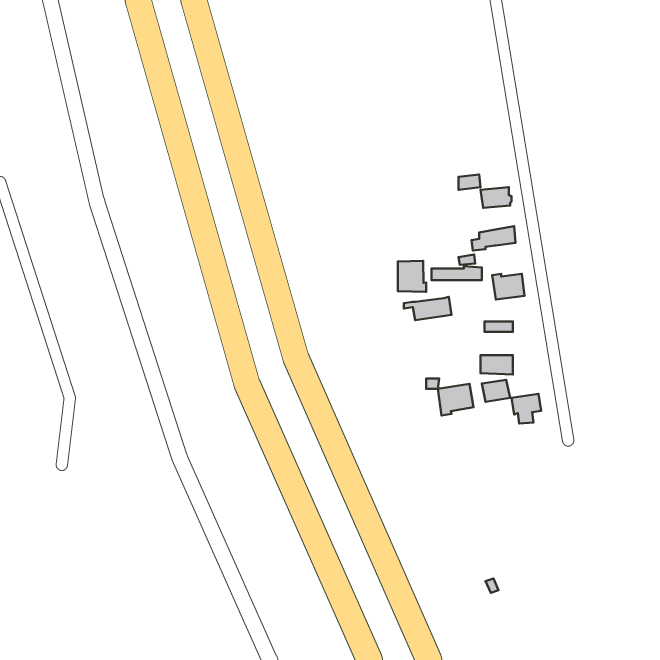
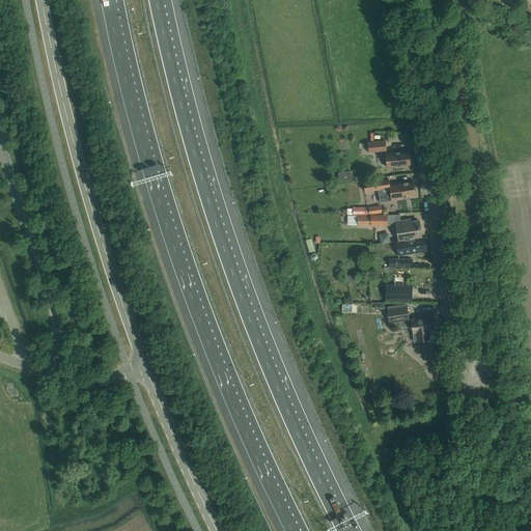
building: [398,261,426,292] -> none
building: [404,297,451,320] -> [389,236,427,255]
building: [438,384,474,415] -> none

